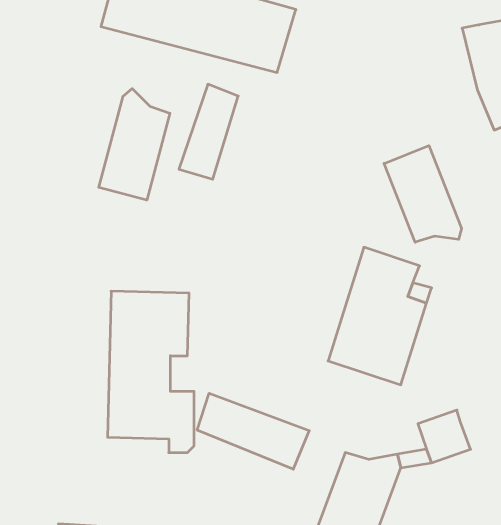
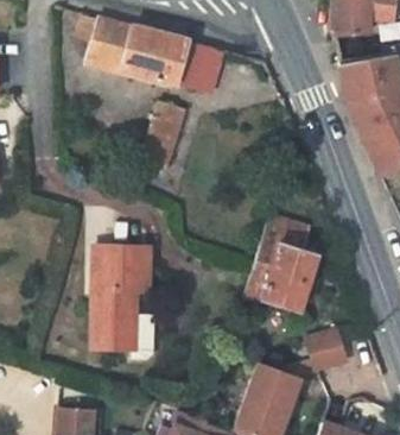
building: [99,89,170,200] -> none
building: [384,146,461,242] -> none
building: [197,393,309,469] -> none

